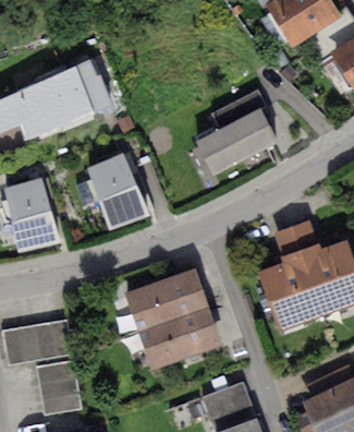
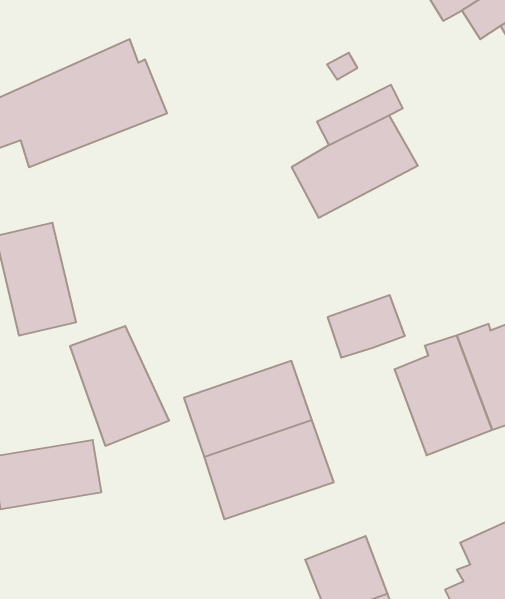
building: [86,154,150,231] -> [70,326,169,446]
building: [272,218,322,259] -> [328,295,405,358]
building: [37,362,82,416] -> none

